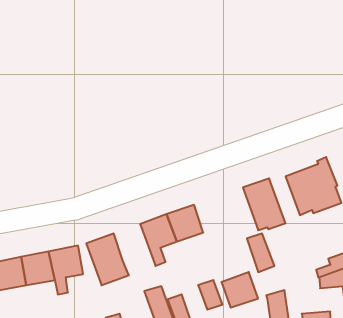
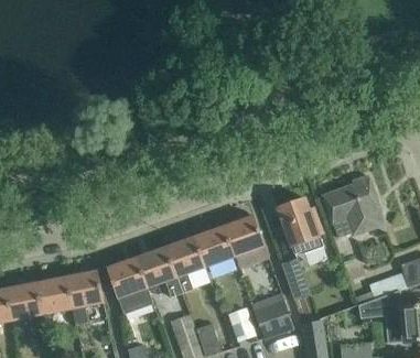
building: none -> [224,216,268,263]
building: none -> [137,248,182,296]

